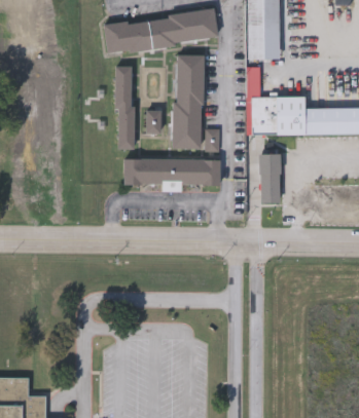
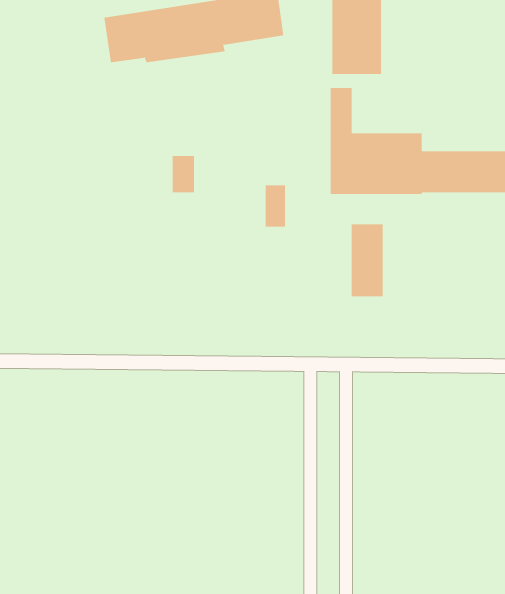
building: [173,56,205,150] -> none
building: [114,68,135,150] -> none
building: [123,159,219,192] -> none

